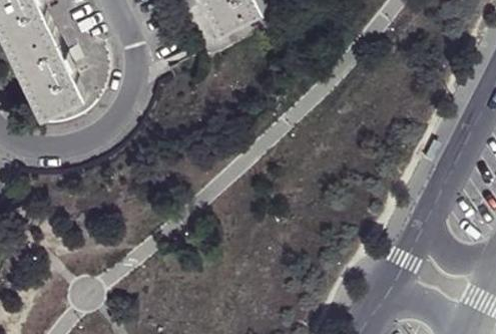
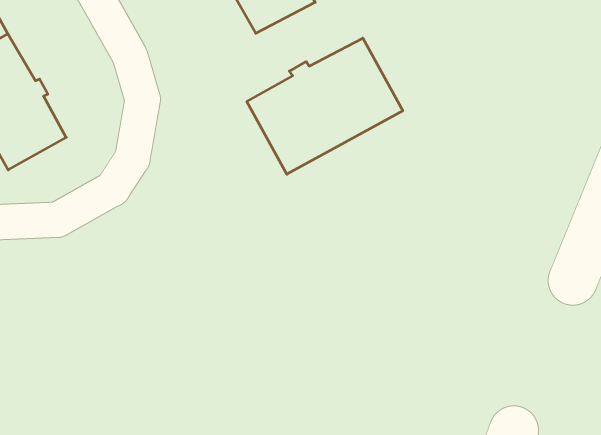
building: none -> [247,38,403,174]

